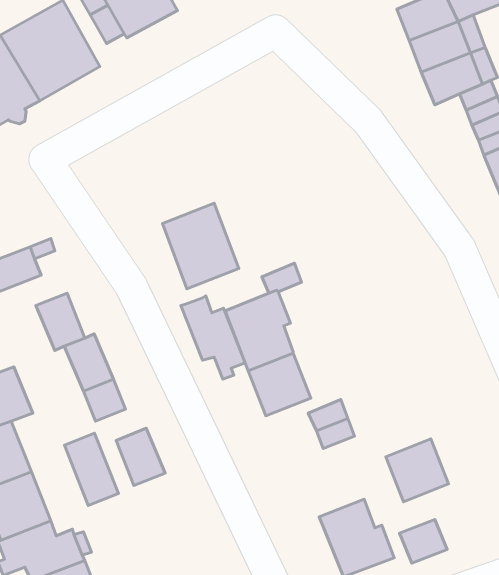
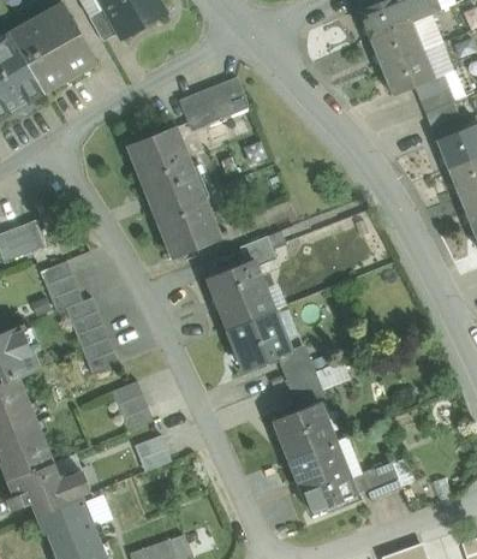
building: none -> [179,77,249,129]
building: none -> [129,125,197,200]
building: [181,296,245,379] -> none
building: [64,433,118,505] -> none
building: [386,439,448,502] -> [274,403,329,458]
building: none -> [135,434,172,471]

